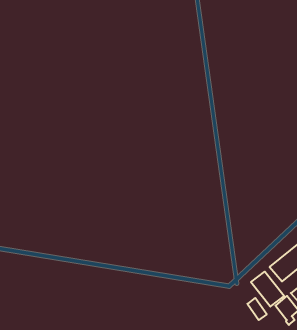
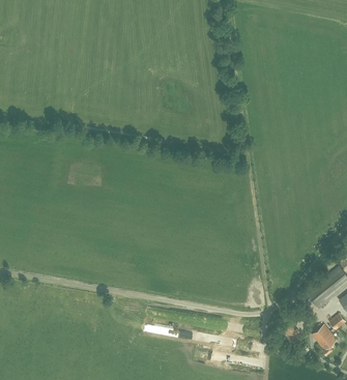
building: [251,272,284,307] -> none

